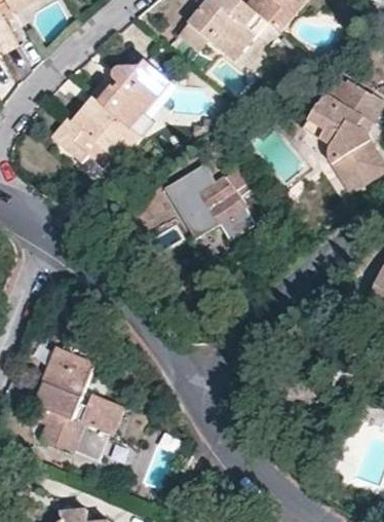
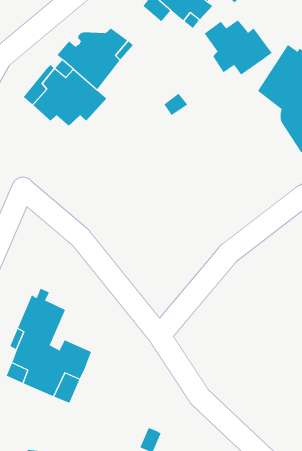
building: none -> [204,20,272,76]
building: [163,164,254,238] -> none

